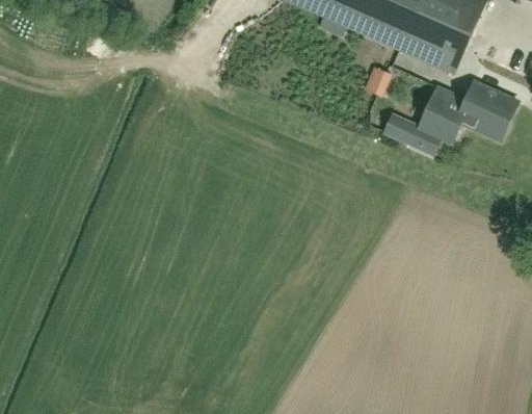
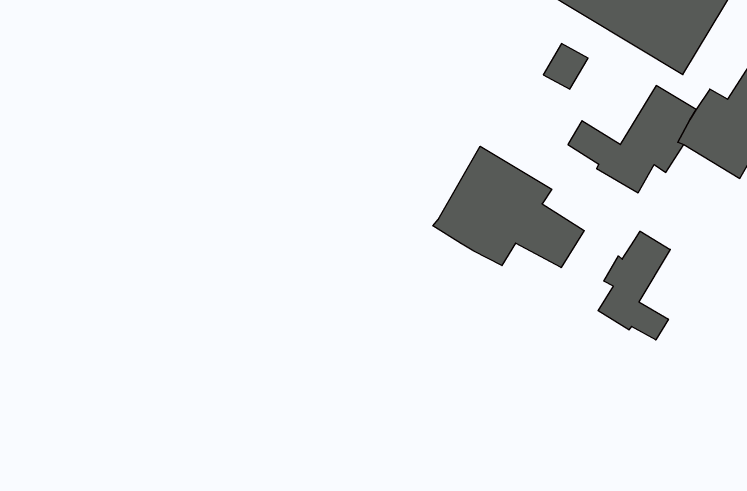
building: none -> [433,146,584,268]
building: none -> [598,231,670,340]

